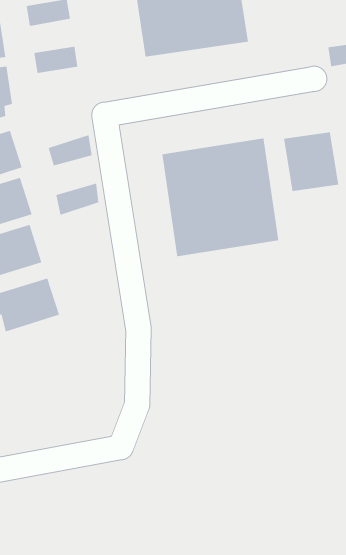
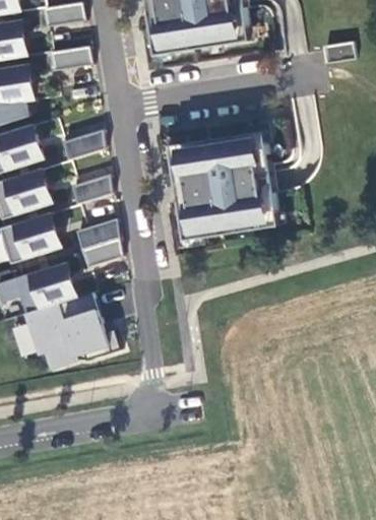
building: [284,132,339,192] -> none
building: none -> [78,216,122,266]
building: none -> [24,290,121,367]

